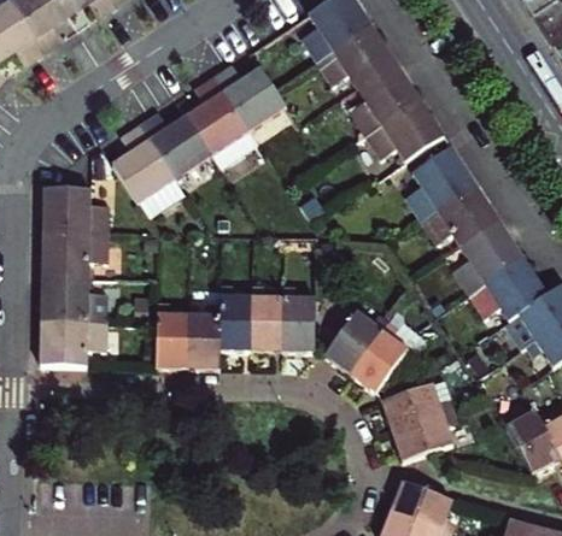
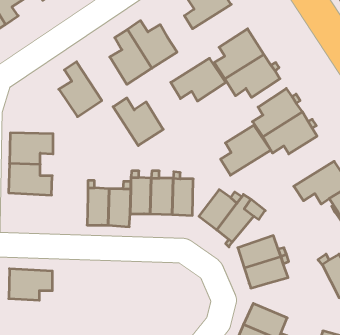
building: [315,33,397,96] -> [171,58,226,101]
building: [142,105,217,176] -> [113,98,163,146]
building: [43,181,109,225] -> none
building: [451,229,526,304] -> [221,125,271,175]
building: [40,313,105,360] -> [9,269,52,300]

